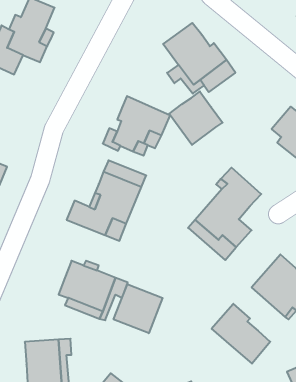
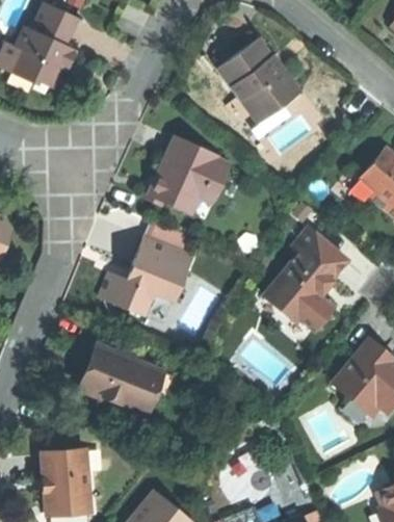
building: [169,91,223,145] -> none
building: [114,284,163,333] -> none
building: [212,304,270,364] -> none

